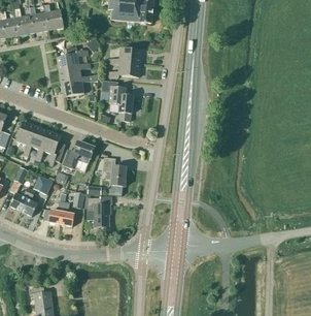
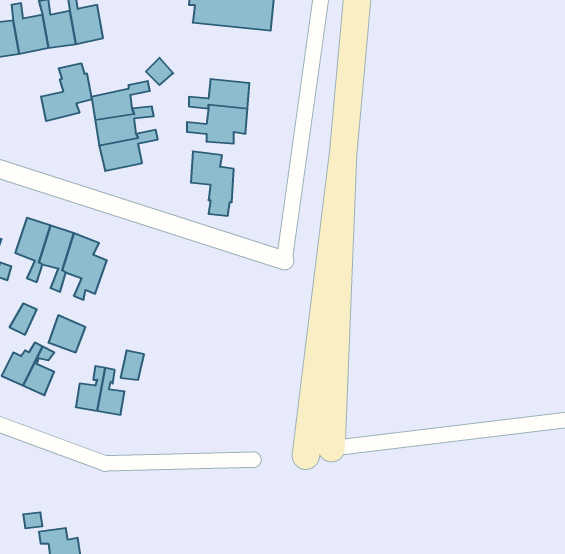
building: none -> [41,63,92,121]
building: [62,141,94,168] -> none
building: [103,157,126,187] -> none
building: [89,196,112,227] -> none

